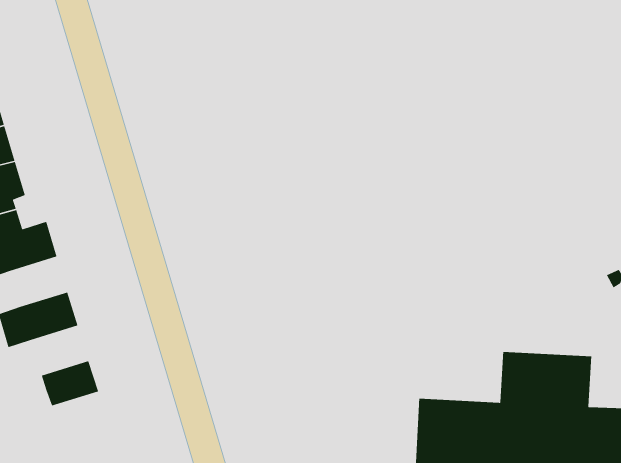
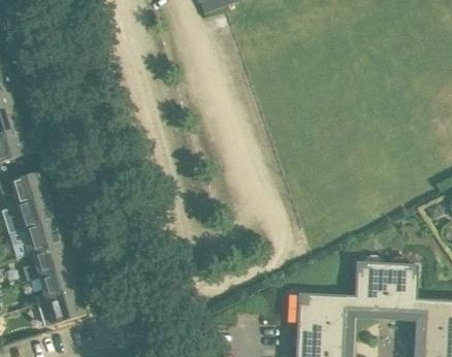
building: none -> [15,198,56,232]
building: none -> [22,246,70,282]
building: none -> [36,291,85,329]

